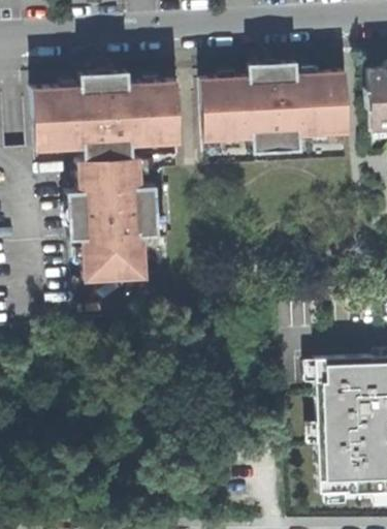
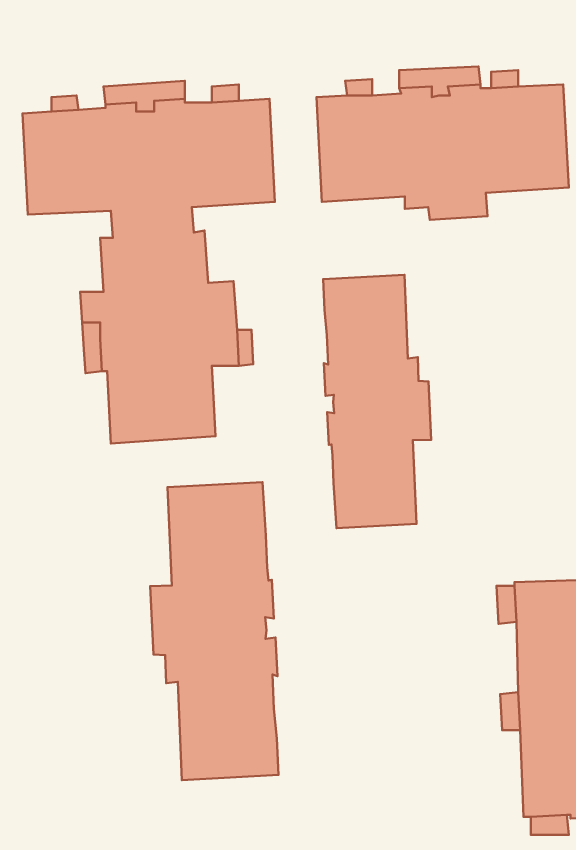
building: none -> [323,275,431,528]
building: none -> [150,482,279,780]

